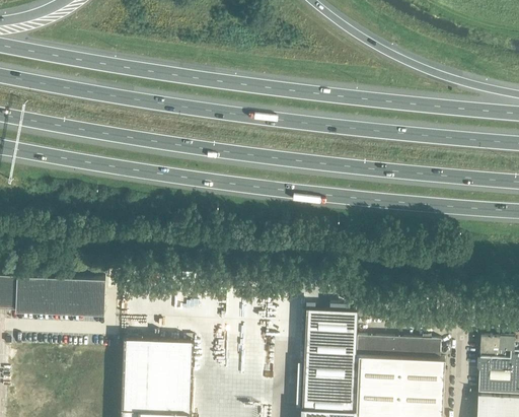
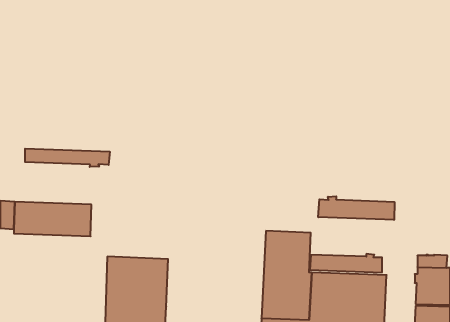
building: none -> [25,149,110,167]
building: none -> [318,196,394,220]

